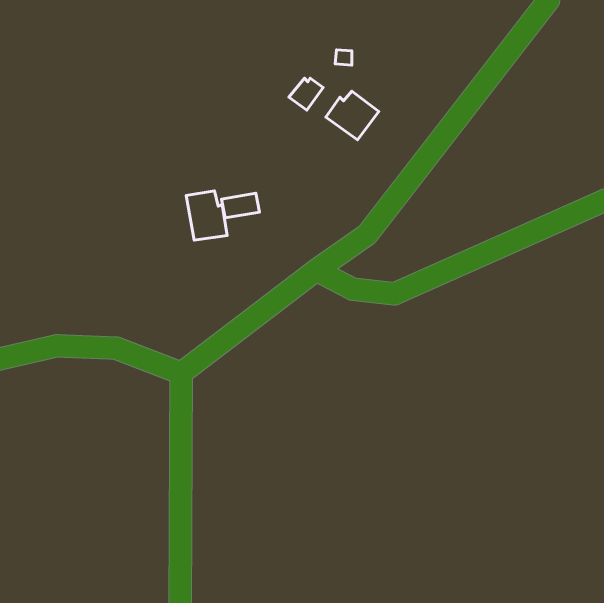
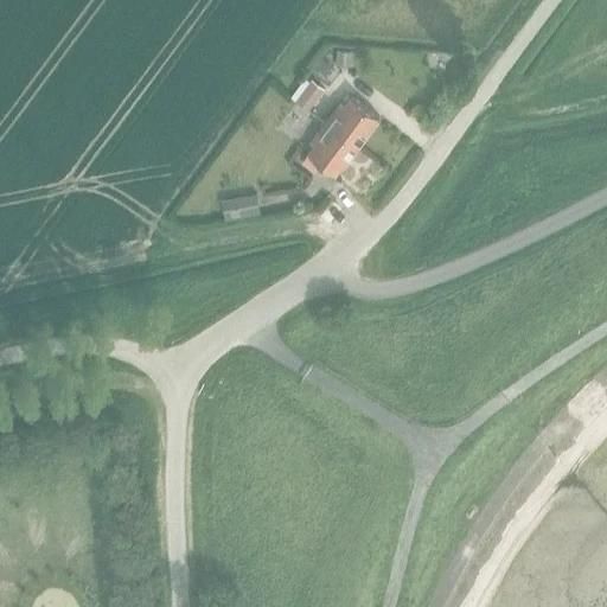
building: none -> [302,120,359,173]
building: [186,191,227,240] -> none

